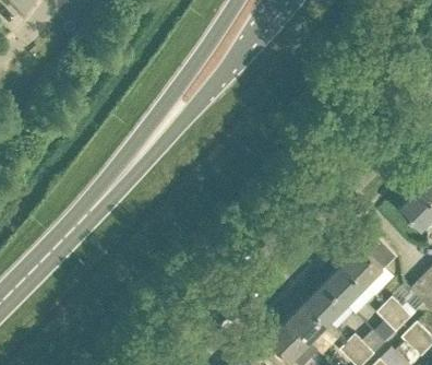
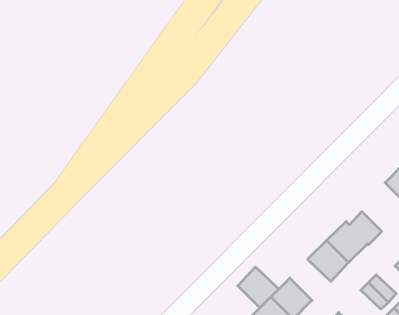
building: [307,283,347,323] -> [238,267,279,308]

